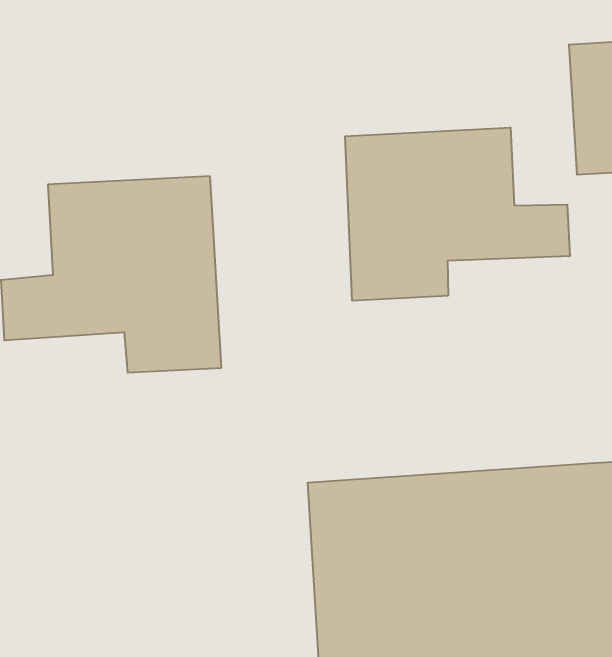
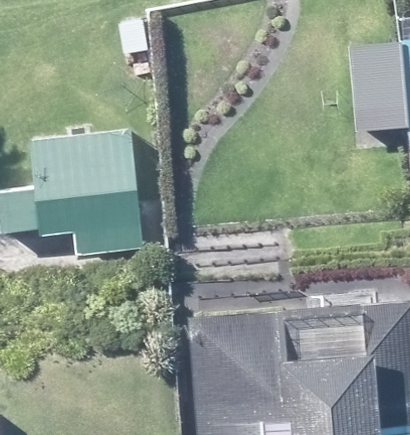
building: [345,127,570,301] -> none

